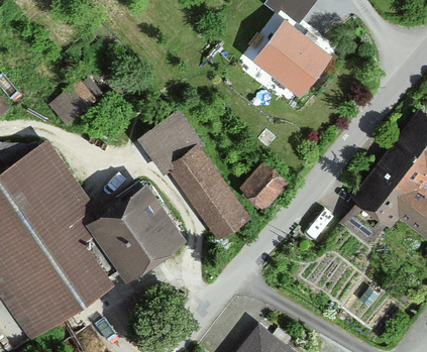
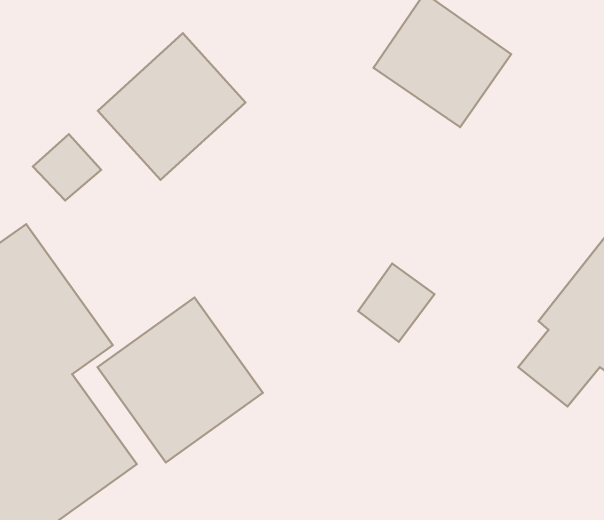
building: none -> [98,33,246,180]
building: [139,114,247,242] -> none

